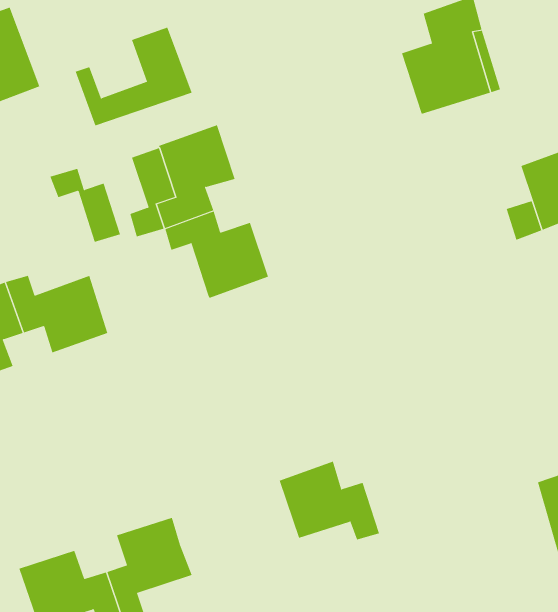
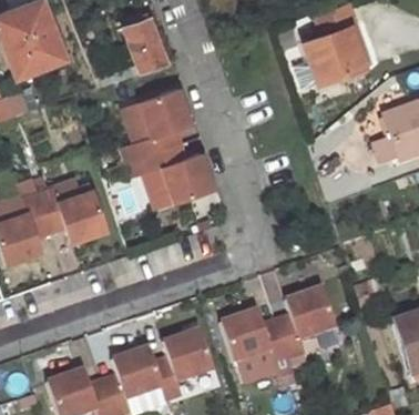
building: [50,168,121,243] -> [126,154,174,204]
building: none -> [278,287,336,358]
building: none -> [156,330,214,399]

